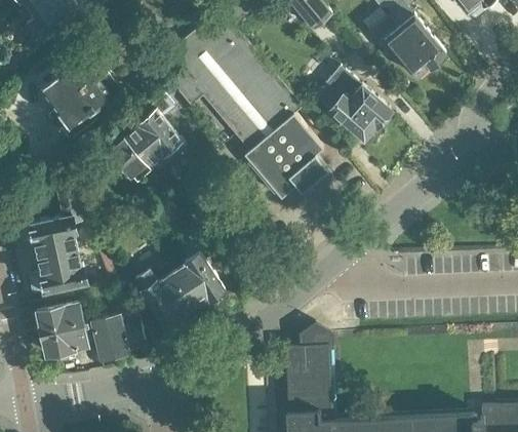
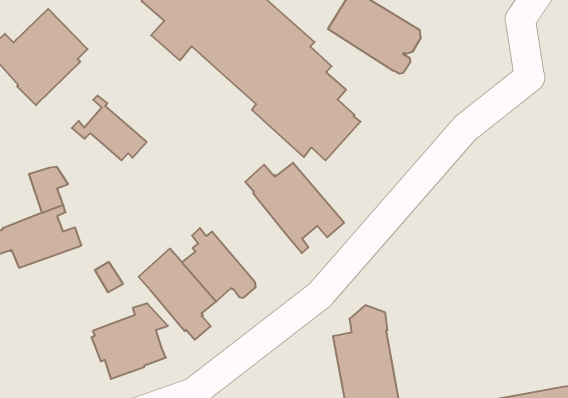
building: [120,94,186,172] -> none
building: none -> [245,163,344,253]
building: [29,247,94,296] -> none
building: [34,303,93,361] -> none

